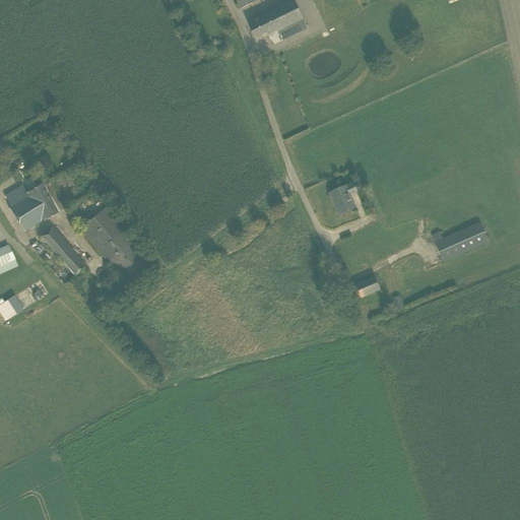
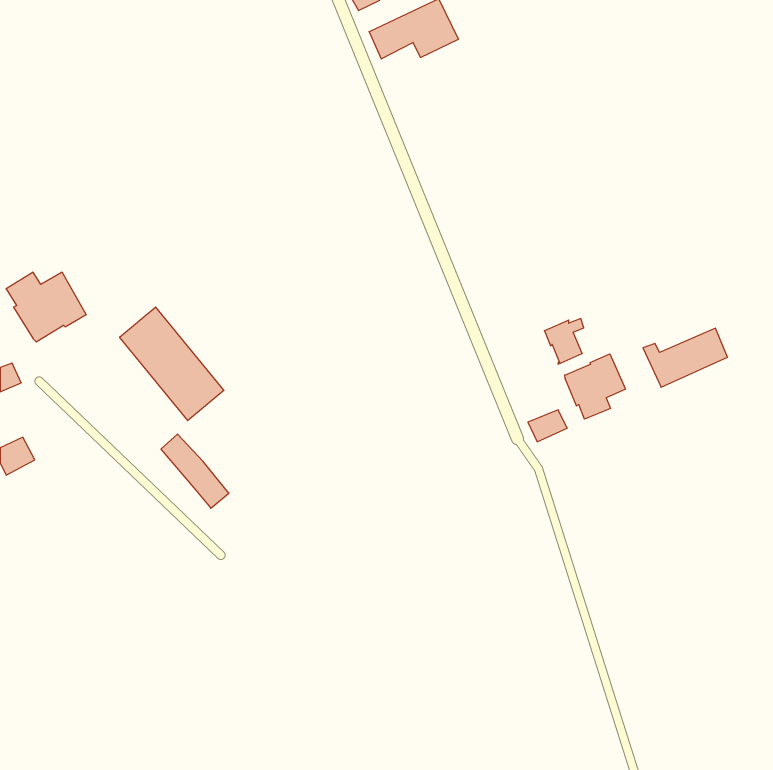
building: [330,183,356,213] -> [544,319,584,364]
building: [41,225,86,275] -> [161,434,229,508]
building: none -> [565,354,626,419]

